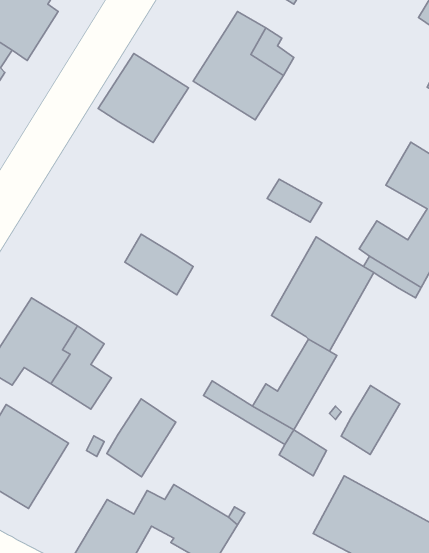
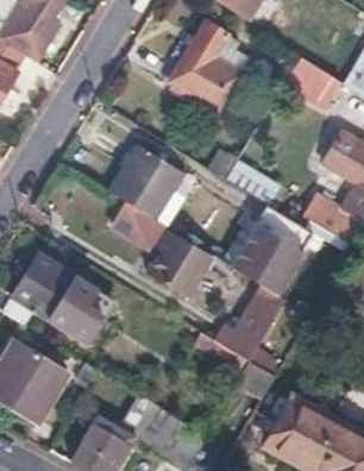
building: none -> [283,57,341,109]
building: [98,54,189,143] -> [109,147,182,219]
building: none -> [150,228,209,295]
building: [341,385,400,454] -> none
building: [107,399,176,477] -> none

